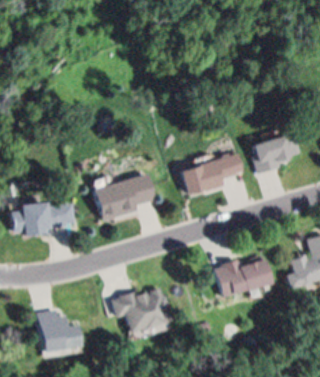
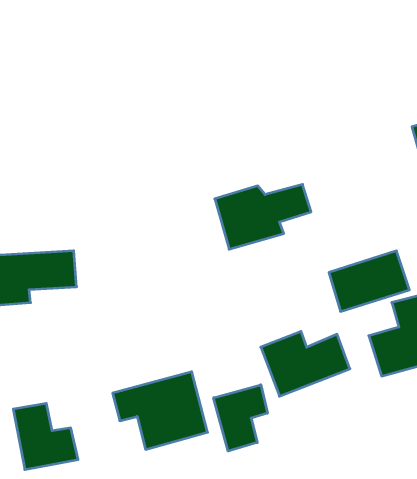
building: [249,130,305,172] -> [329,251,409,311]
building: [94,168,161,222] -> none
building: none -> [214,385,267,451]

